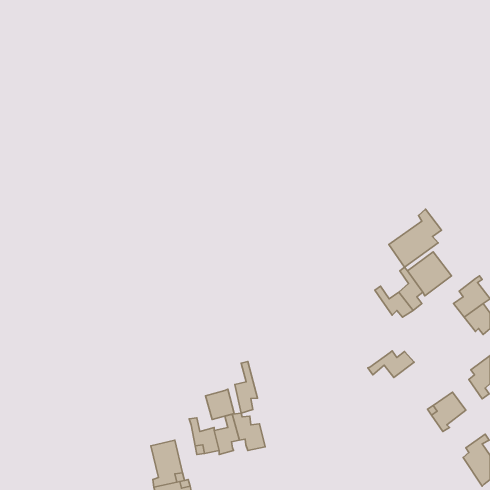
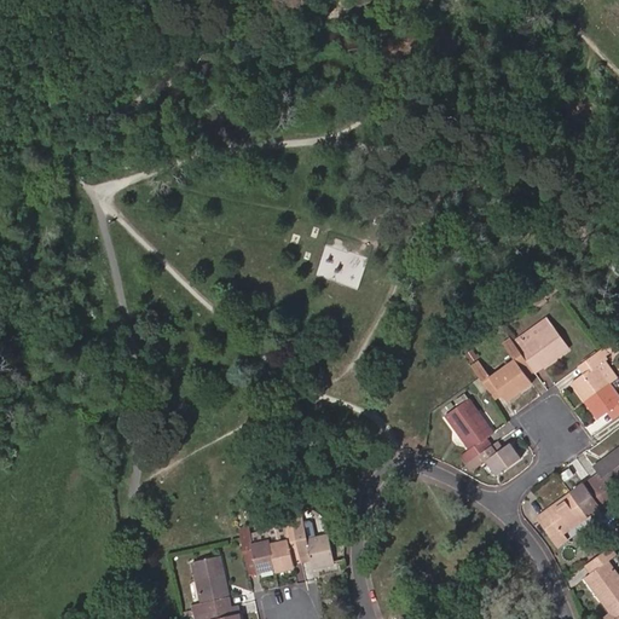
building: [389,209,441,267] -> none
building: none -> [444,398,492,463]
building: [235,361,258,413] -> none
building: none -> [569,479,611,517]
building: [206,389,234,419] -> none

